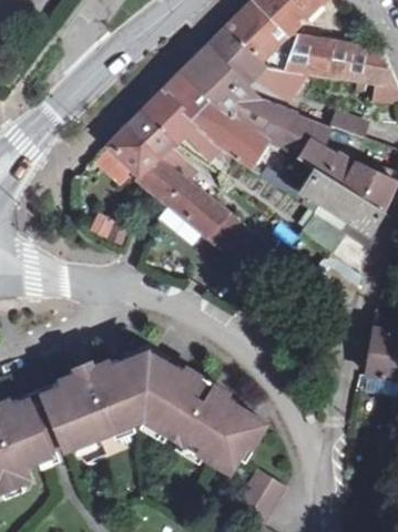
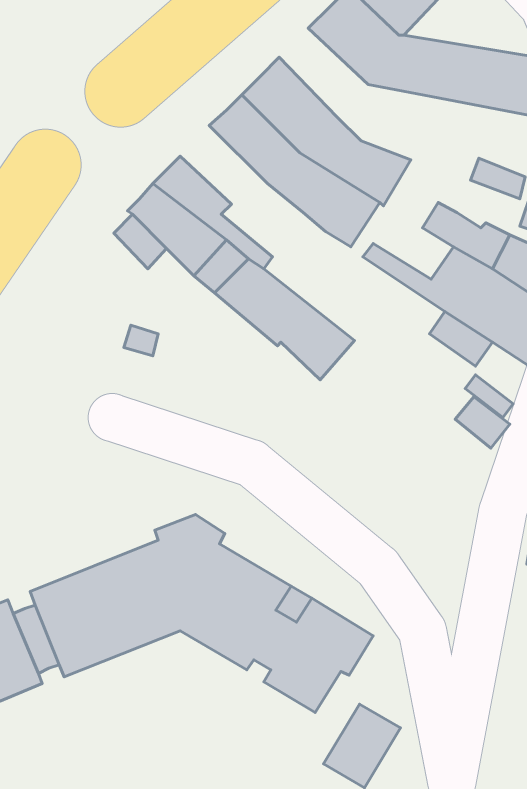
building: [205,28,304,101] -> none
building: [141,91,235,166] -> none
building: [273,113,327,157] -> none

